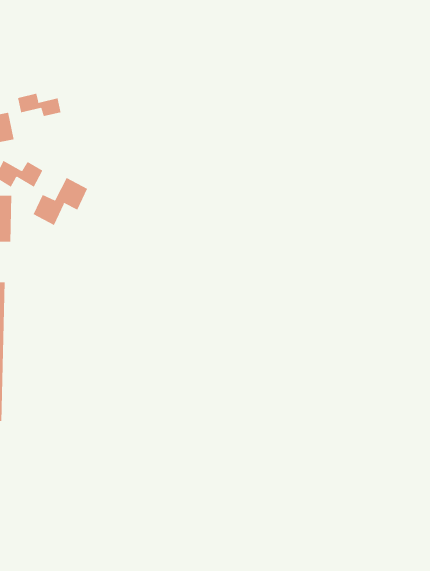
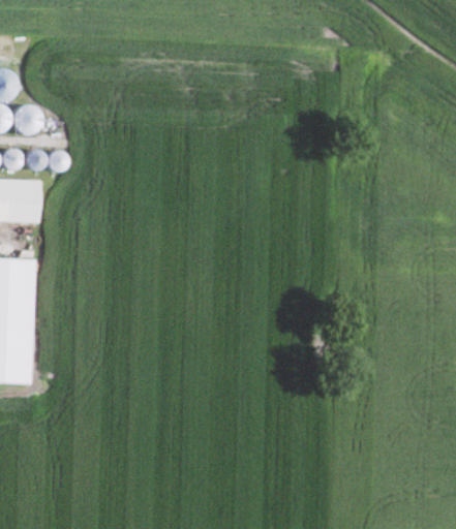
building: [17,93,61,117] -> none
building: [33,177,88,226] -> none

